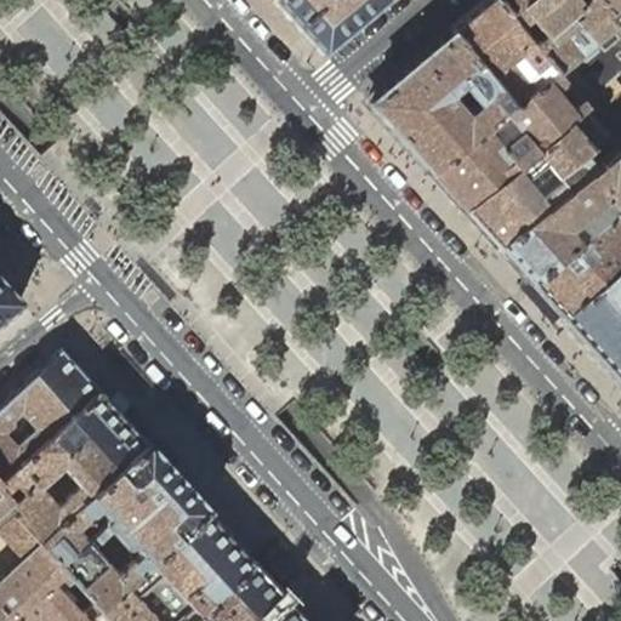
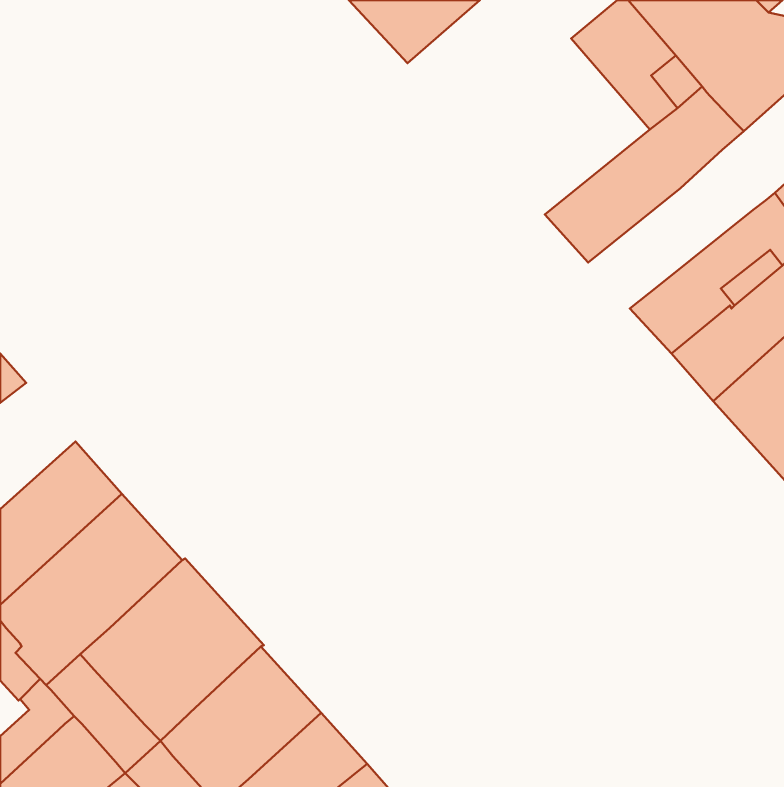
building: [370,32,514,170] -> none
building: [466,119,605,244] -> none

